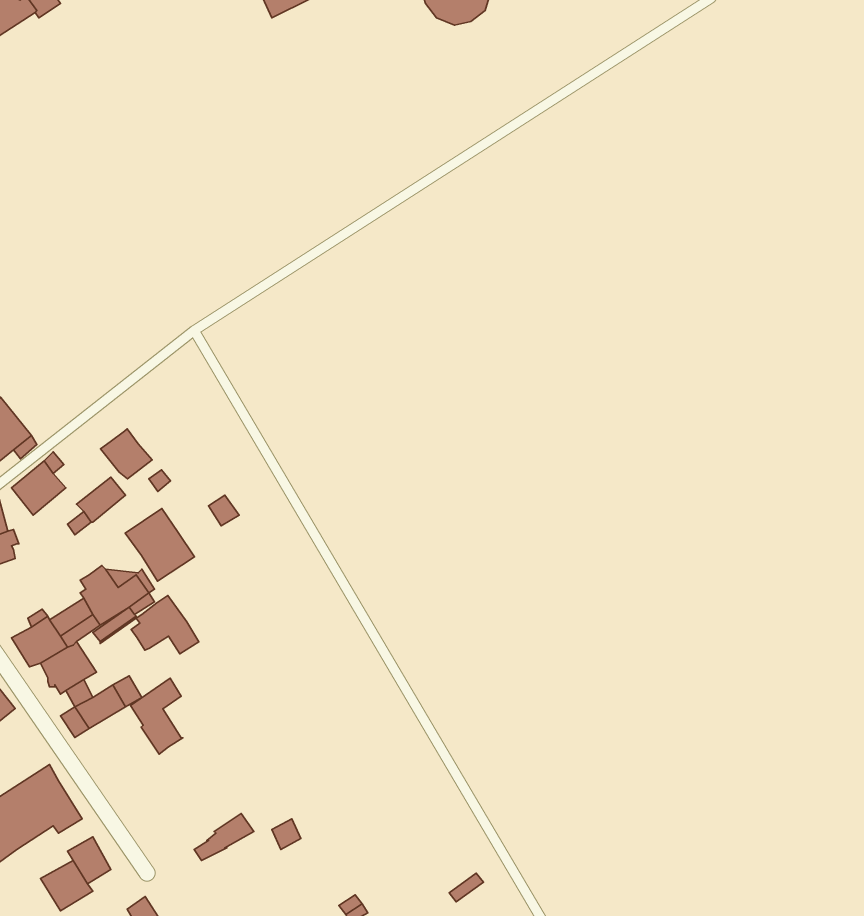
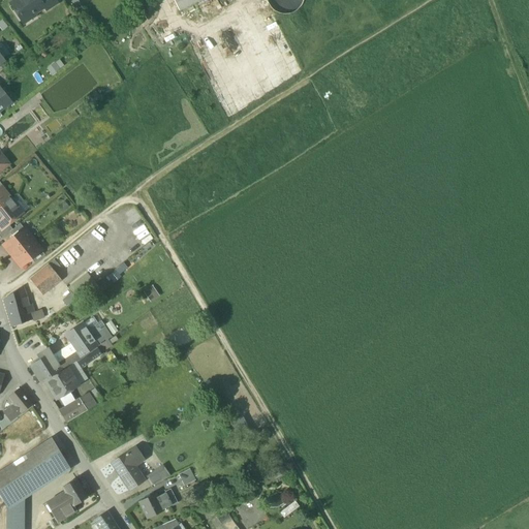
building: [100,429,152,479] -> none
building: [125,509,194,581] -> none
building: [131,595,199,654] -> none
building: [130,678,183,754] -> [113,446,143,490]
building: none -> [139,492,172,517]

